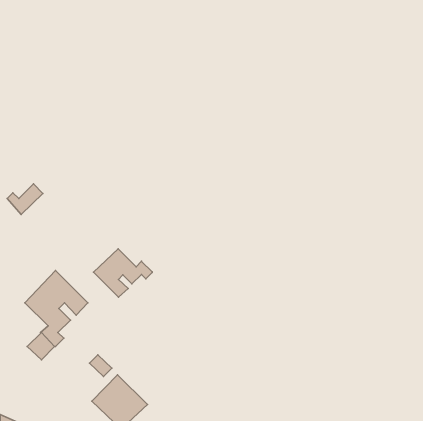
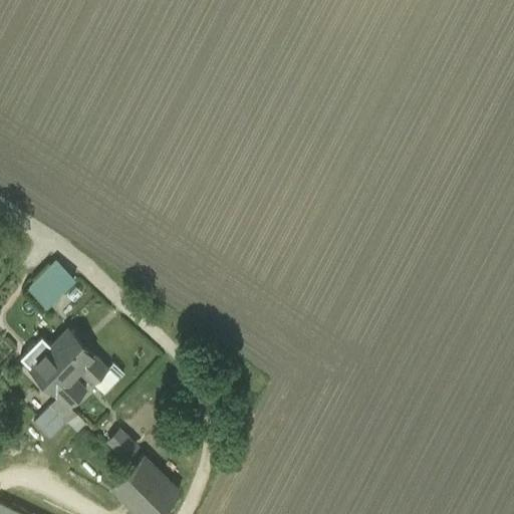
building: [7,184,43,214] -> [30,270,73,307]
building: [94,249,152,297] -> none

